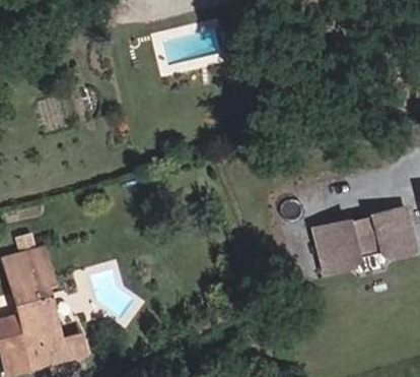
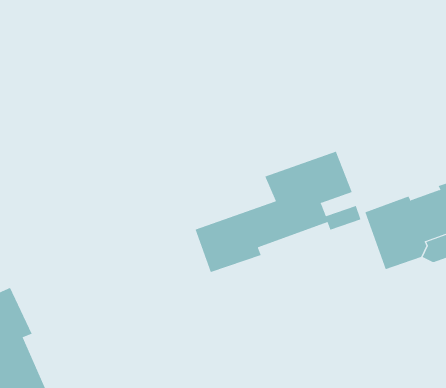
building: none -> [195,151,361,273]

